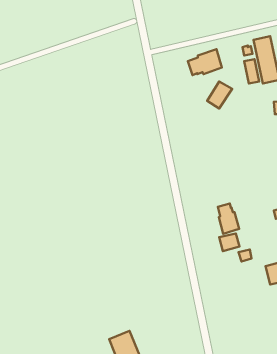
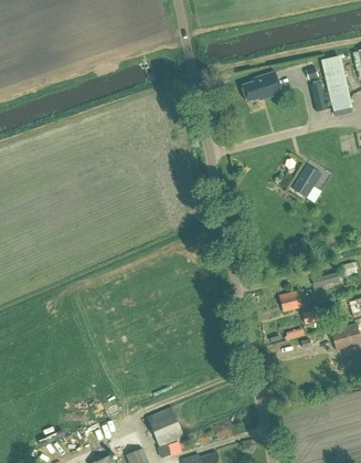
building: [207,82,232,108] -> [291,165,321,197]
building: [218,204,239,234] -> none

